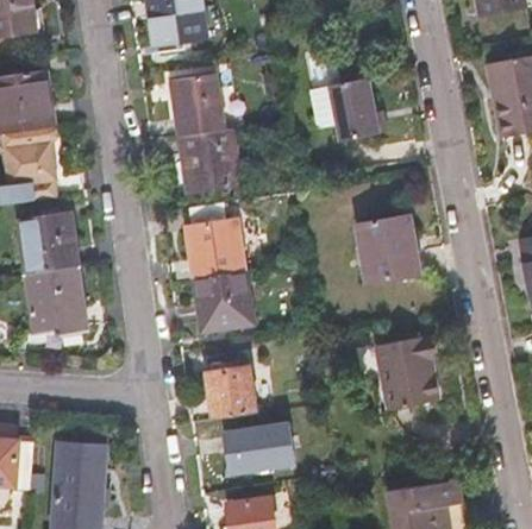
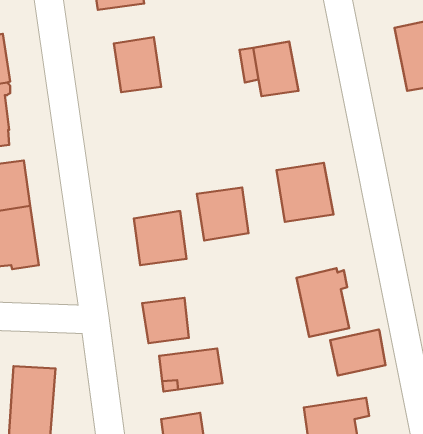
building: [180,128,239,193] -> none
building: [186,219,244,278] -> [197,188,248,240]
building: none -> [330,330,385,375]

